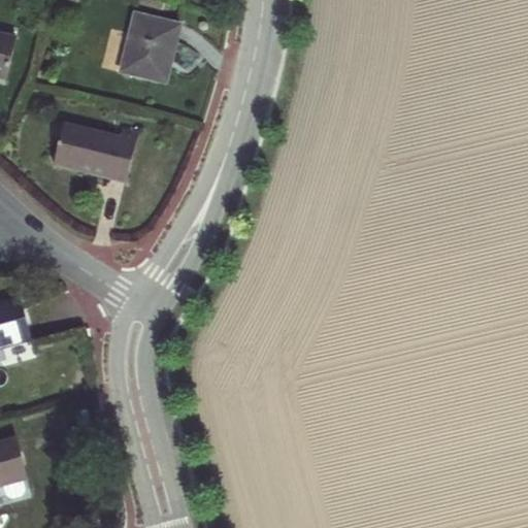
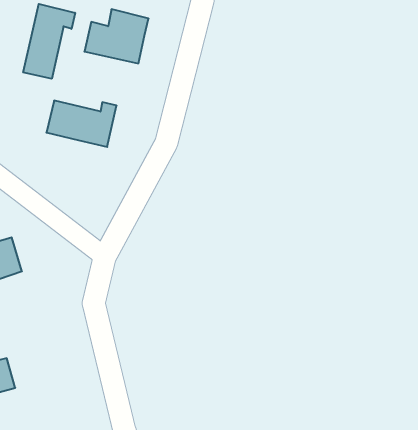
building: none -> [23,4,75,79]

